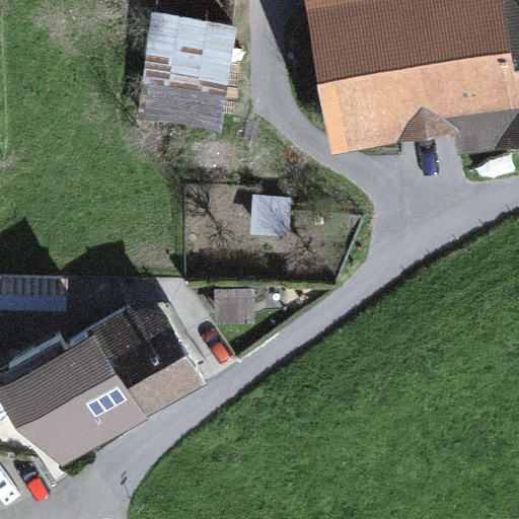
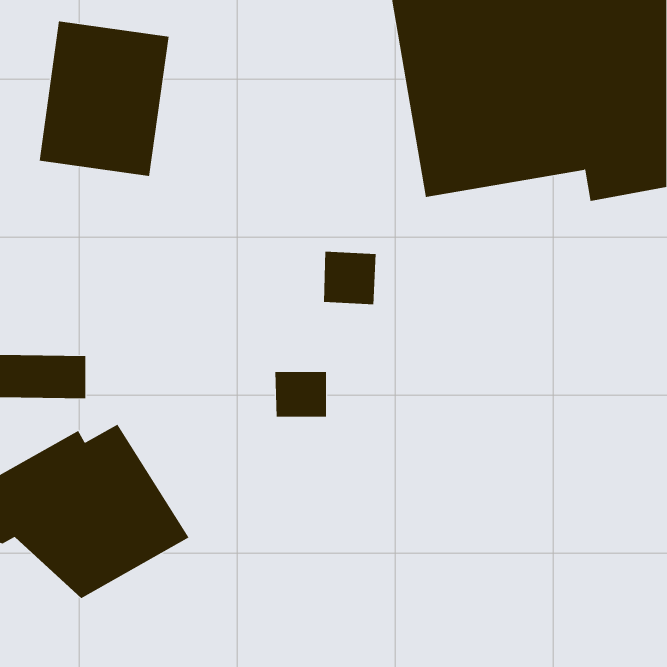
building: [136,12,237,133] -> [39,21,169,176]
building: [91,306,206,417] -> none

